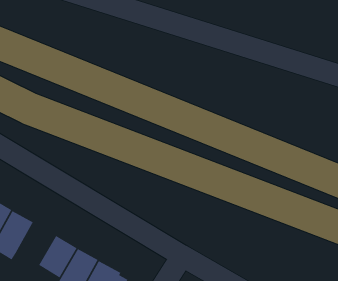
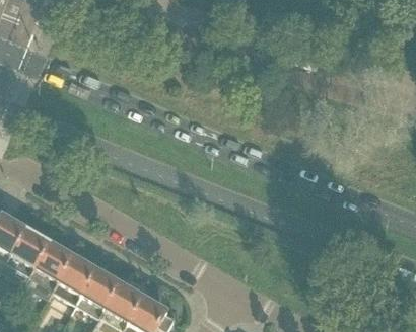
building: none -> [53,255,96,303]

